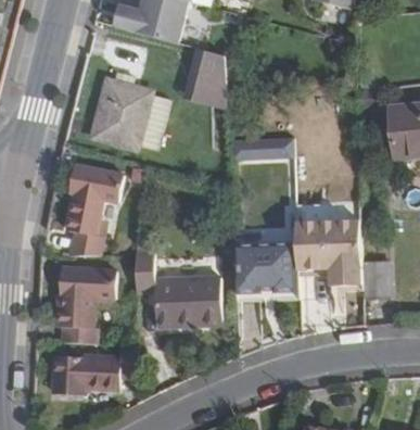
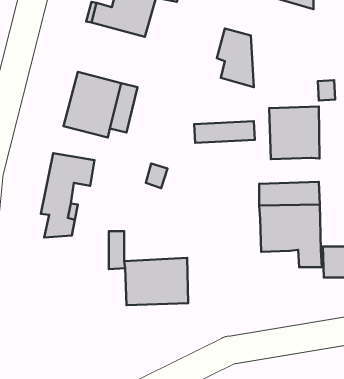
building: [187,49,226,111] -> [217,28,254,87]
building: none -> [269,107,319,159]
building: [231,236,297,288] -> none
building: [55,267,115,342] -> none
building: [51,342,137,395] -> none

